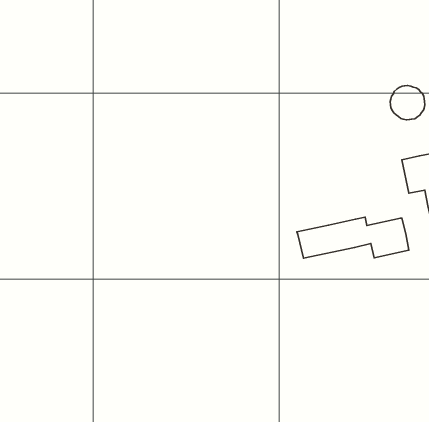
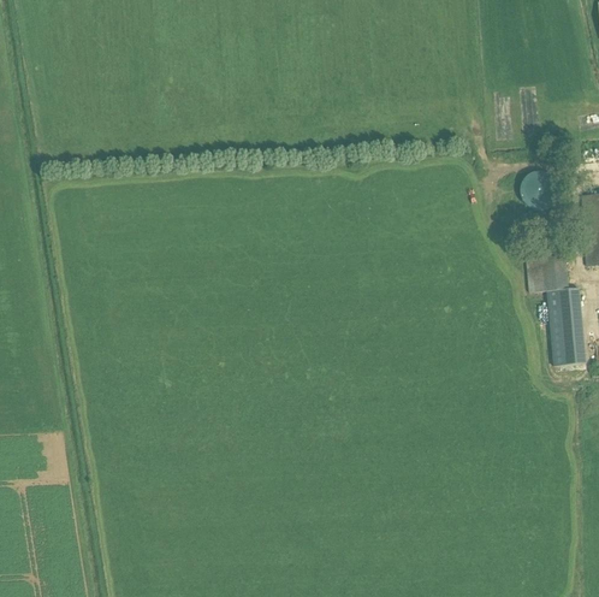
building: [297,217,409,258] -> none

